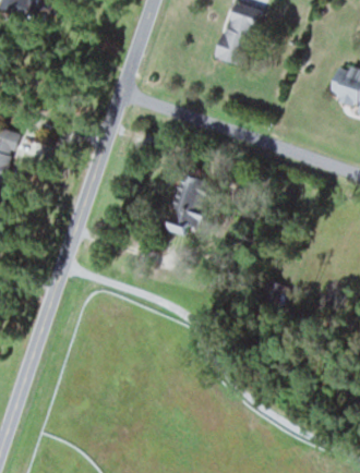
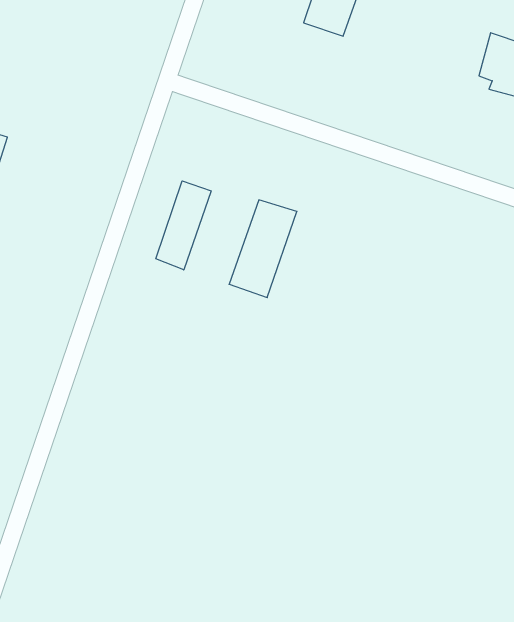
building: none -> [156,181,211,270]

